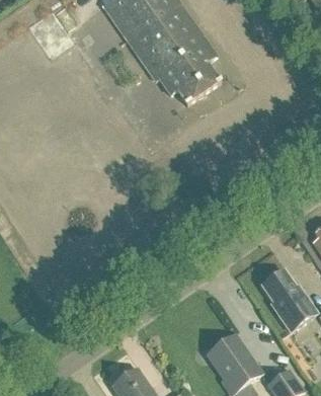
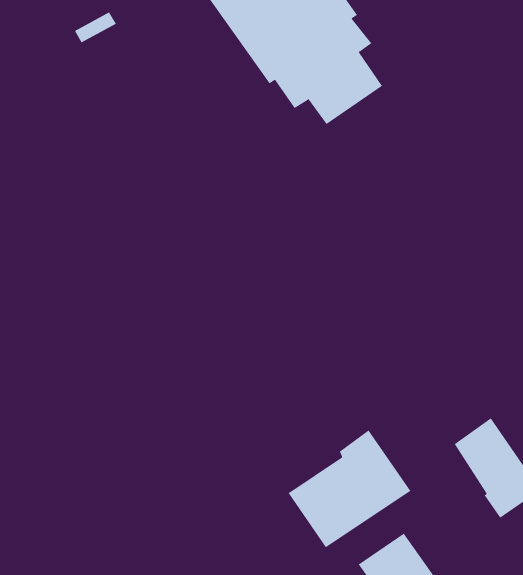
building: none -> [288,429,411,548]

